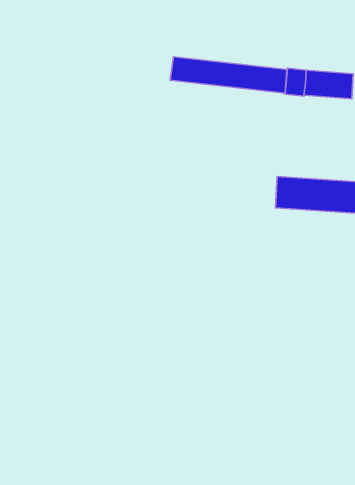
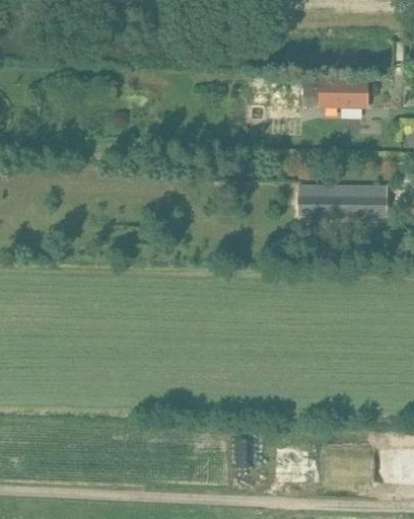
building: [170,57,287,93] -> none

